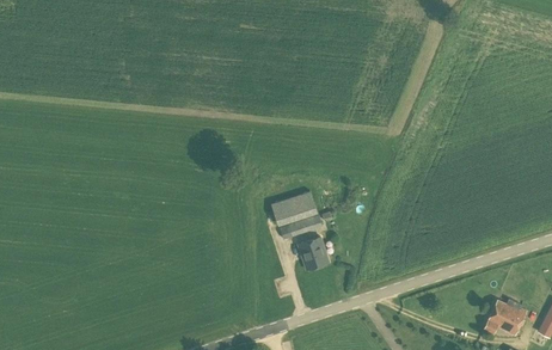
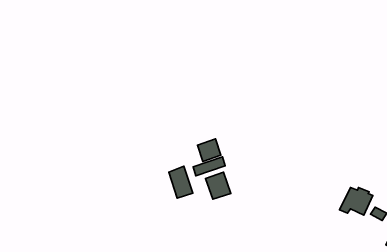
building: none -> [169,166,193,198]
building: [483,299,527,336] -> [340,187,373,215]

